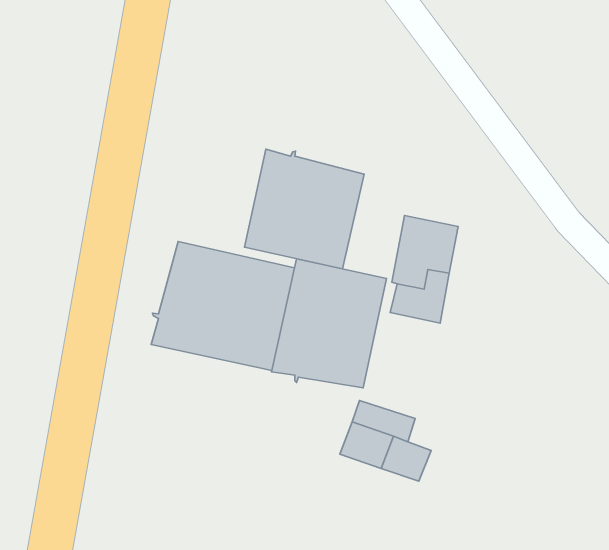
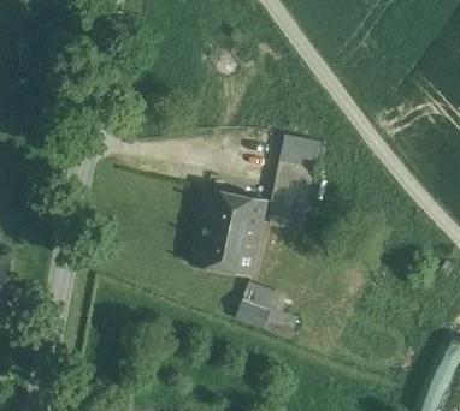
building: [244,149,364,269] -> none
building: none -> [278,133,320,166]
building: [151,241,294,371] -> none

